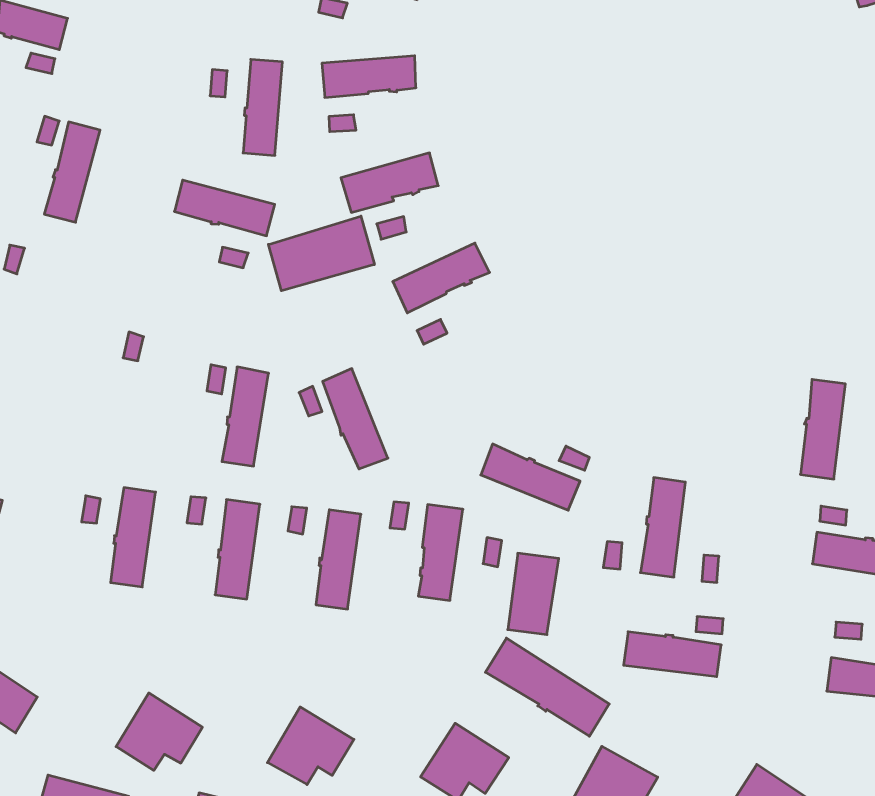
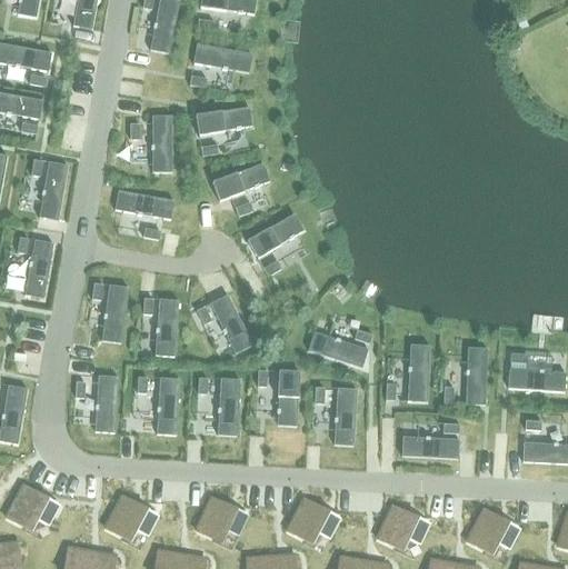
building: [268,216,374,291] -> none
building: none -> [23,239,53,297]
building: none -> [101,284,128,342]
building: [800,379,845,479] -> [465,347,487,405]
building: [485,638,609,736] -> none

